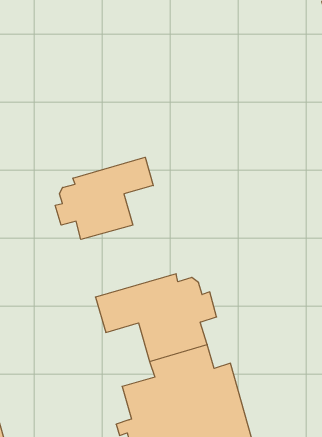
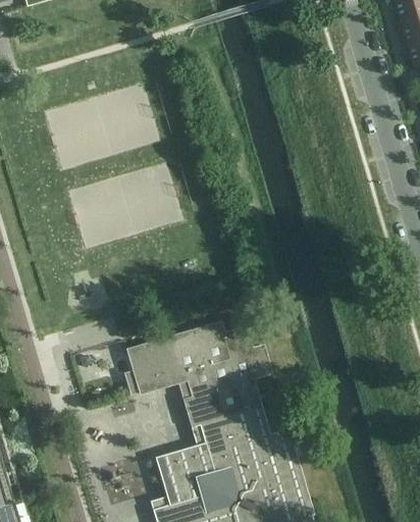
building: [55,157,153,239] -> none

